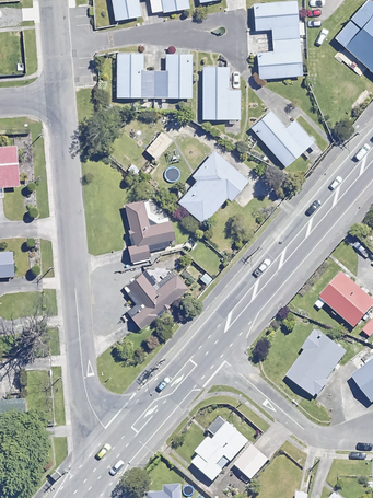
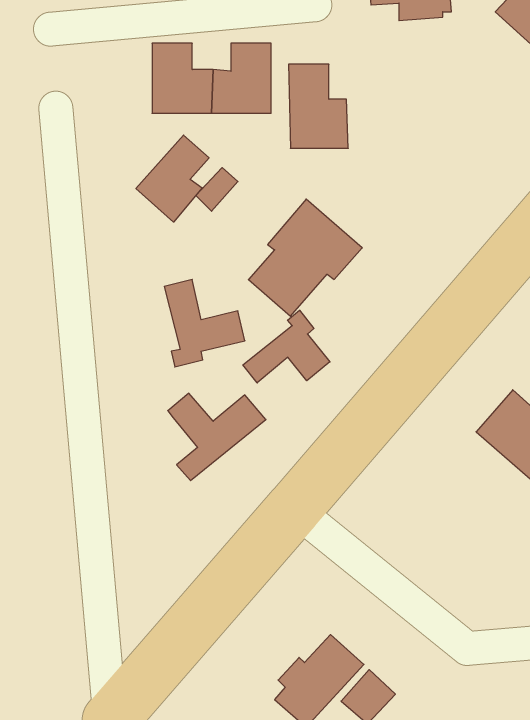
building: [256,37,302,79] -> none
building: none -> [136,135,209,222]
building: [252,112,313,166] -> none
building: none -> [243,310,330,383]
building: [284,331,343,397] -> none

